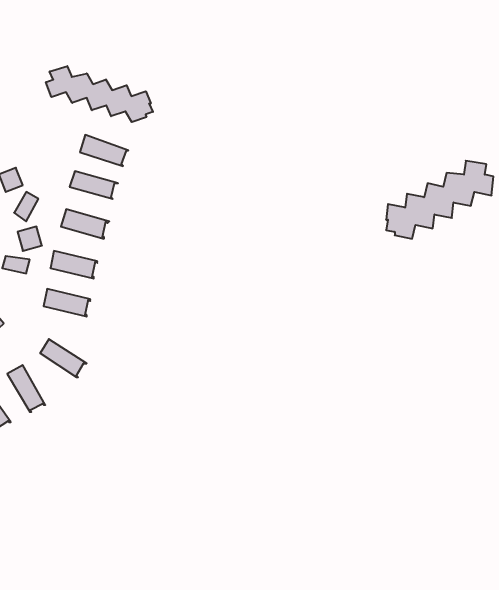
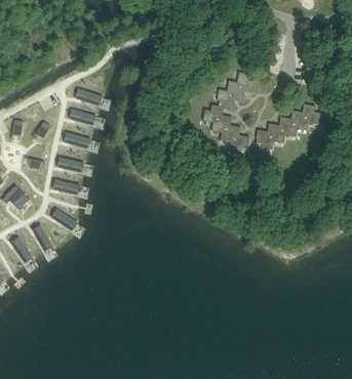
building: [46,66,153,122] -> none
building: none -> [203,71,255,152]

